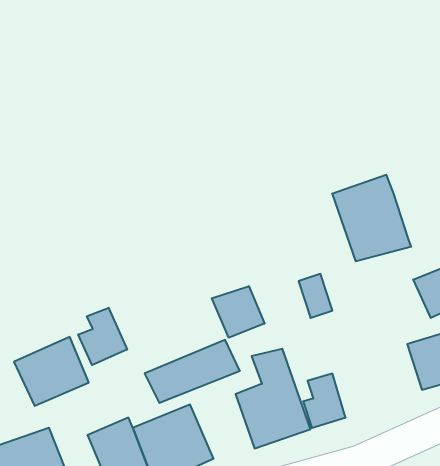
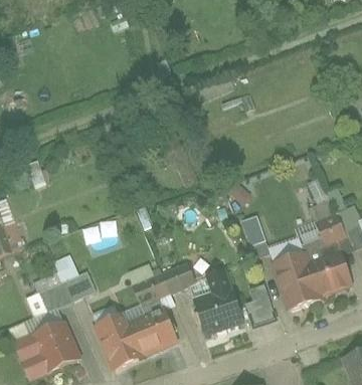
building: [332,175,411,261] -> [269,250,324,310]
building: [212,286,265,338] -> none
building: [78,308,127,365] -> none

